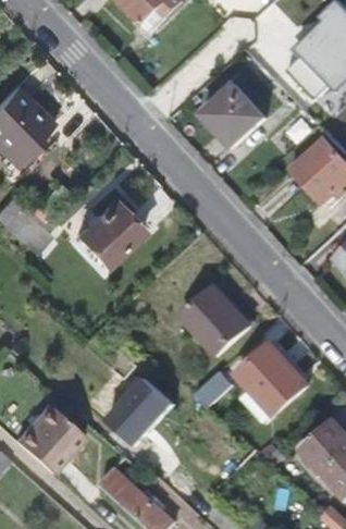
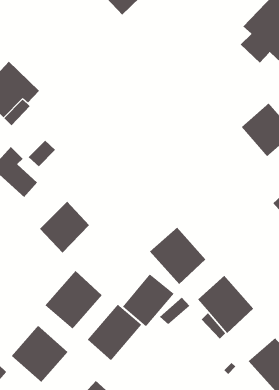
building: [207,83,267,145] -> none
building: [78,199,139,262] -> [39,201,90,253]
building: none -> [45,270,103,330]
building: none -> [122,273,174,327]

